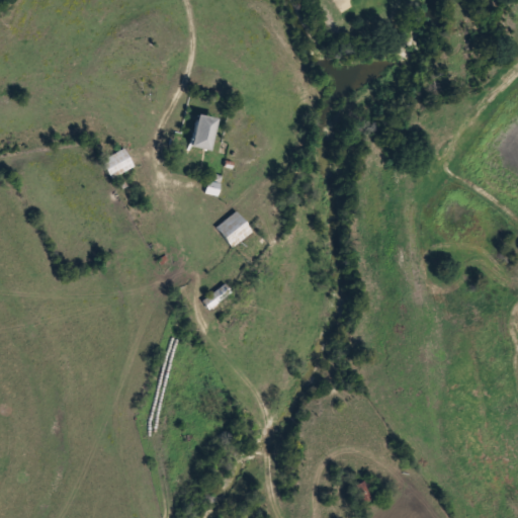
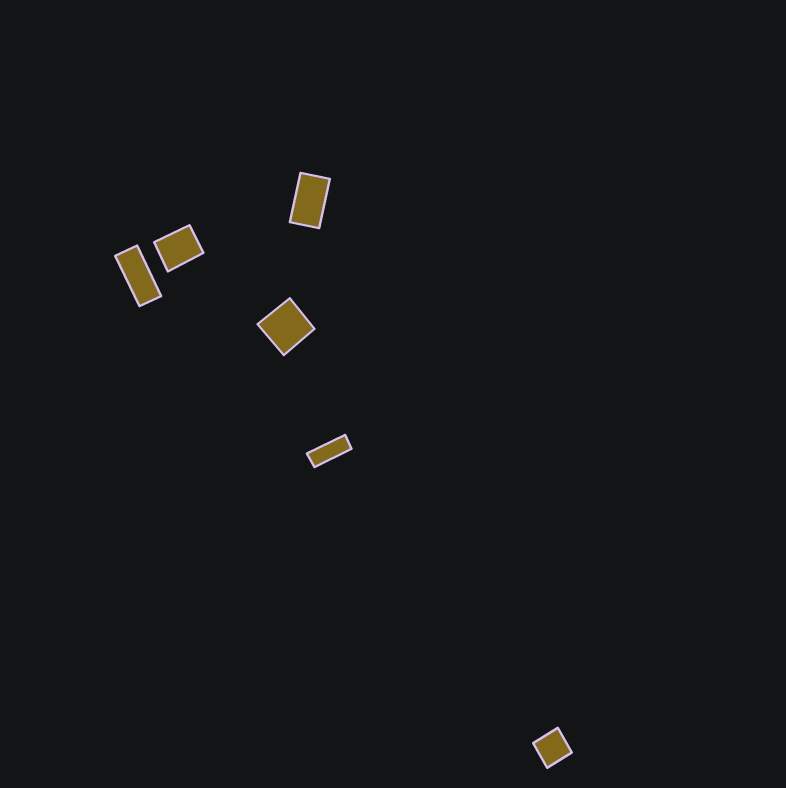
building: none -> [115,246,161,306]
building: [215,209,253,247] -> [258,298,315,355]

